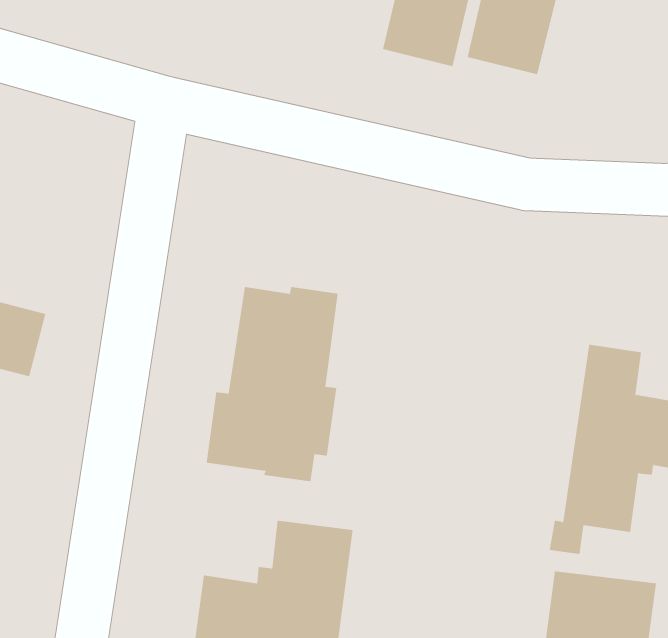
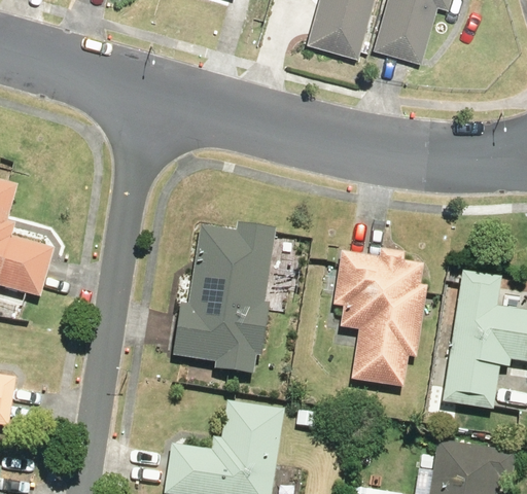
building: none -> [332,248,426,386]

